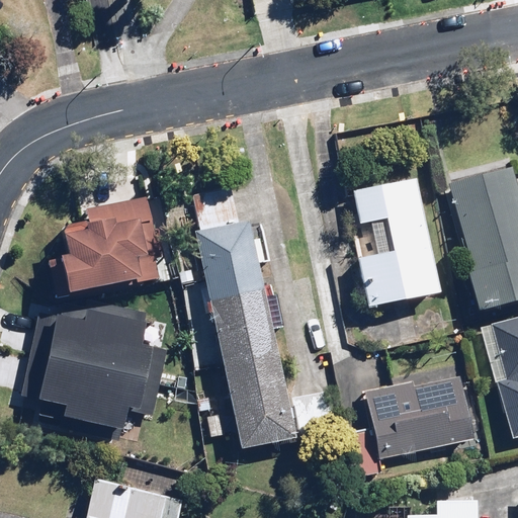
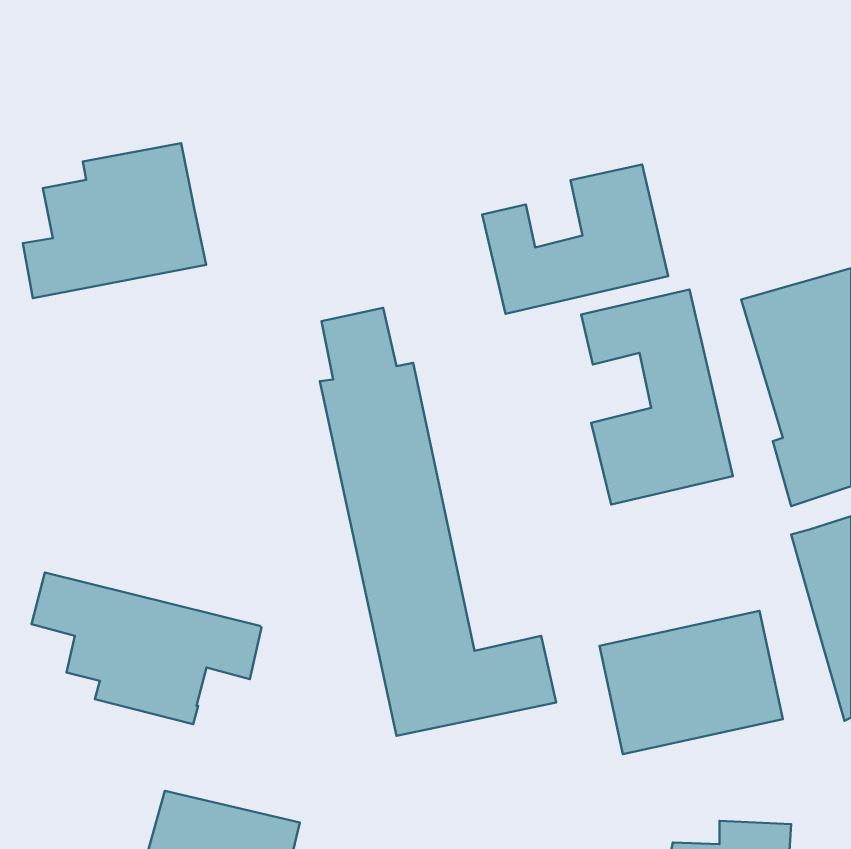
building: none -> [482,164,668,314]
building: [48,198,159,292] -> [23,143,206,298]
building: [27,297,166,381] -> none

